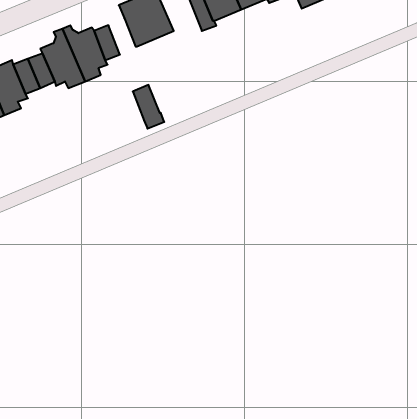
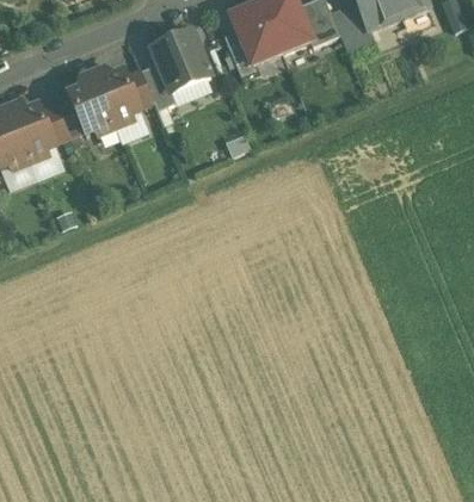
building: [133,85,164,129] -> [142,61,176,107]

